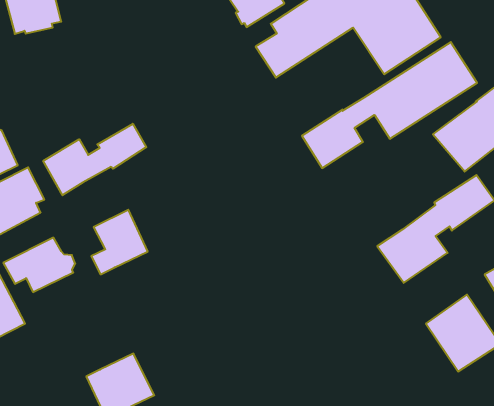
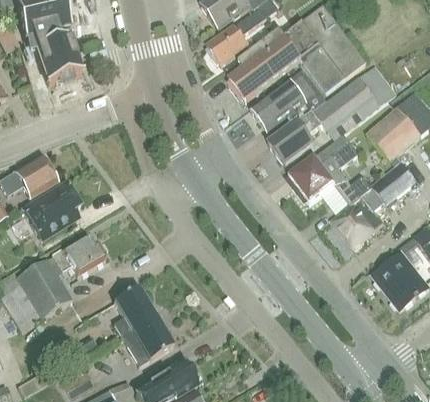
building: none -> [250,69,327,132]
building: [43,124,146,195] -> none
building: none -> [290,142,373,207]
building: [91,210,148,274] -> [114,286,156,336]

